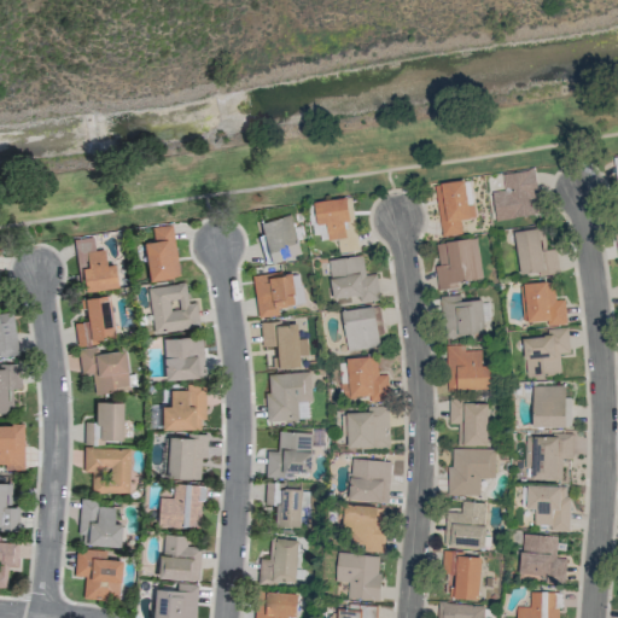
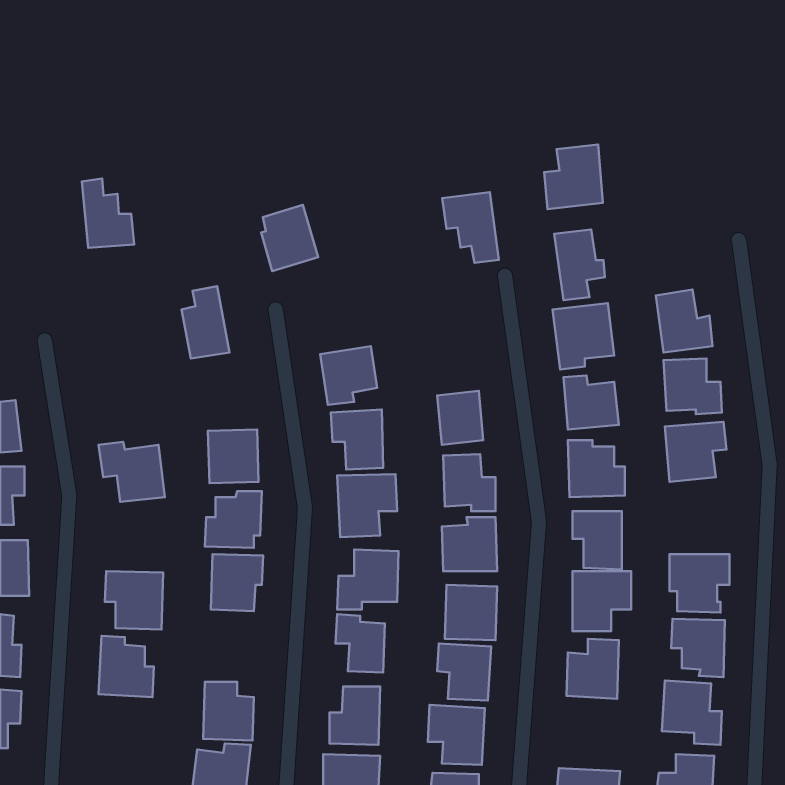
building: [494,170,540,221] -> [544,144,603,209]
building: [315,198,360,253] -> [442,192,499,263]
building: [260,215,304,267] -> [261,205,318,271]
building: [77,238,118,292] -> [82,178,134,248]
building: [330,256,380,303] -> none
building: [148,285,199,334] -> none
building: [74,296,116,345] -> none
building: [534,386,572,428] -> none
building: [84,402,123,445] -> none
building: [157,485,203,529] -> none
building: [75,550,122,602] -> none
building: [443,552,482,600] -> none

